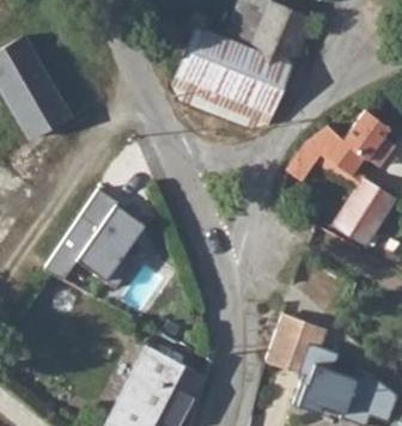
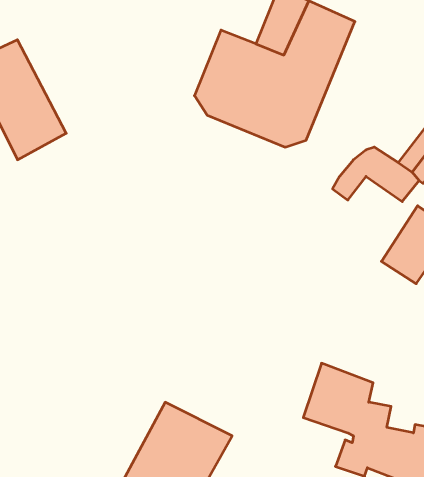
building: [45,191,156,297] -> none

